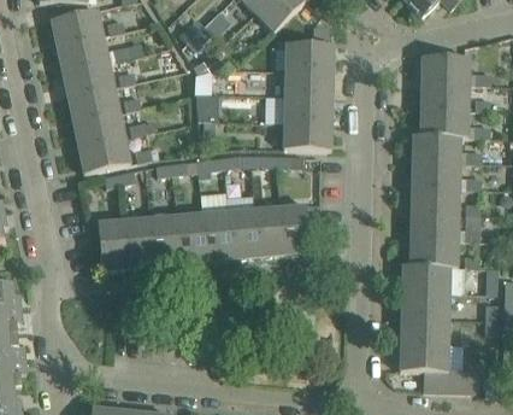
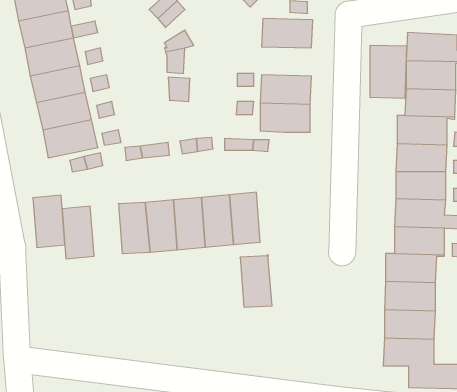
building: none -> [370,45,407,98]
building: [285,69,332,97] -> none
building: [281,204,311,253] -> [240,255,272,307]
building: [124,217,154,267] -> [33,195,65,248]

